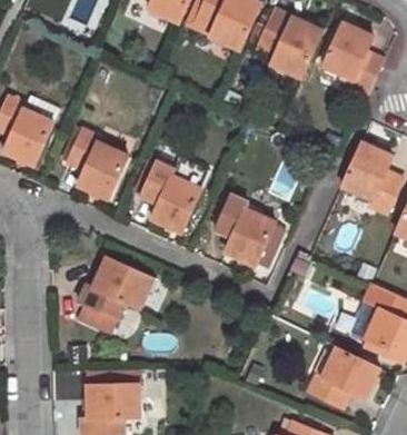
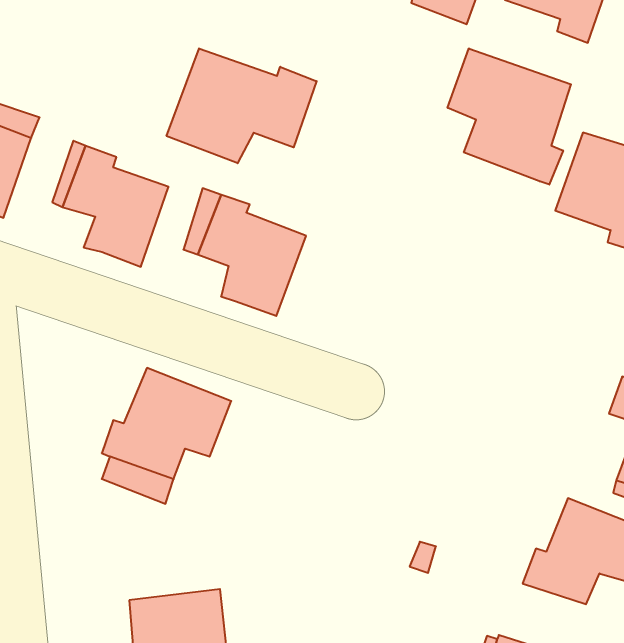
building: none -> [167,48,317,163]
building: none -> [448,48,571,185]
building: [214,195,276,266] -> none

